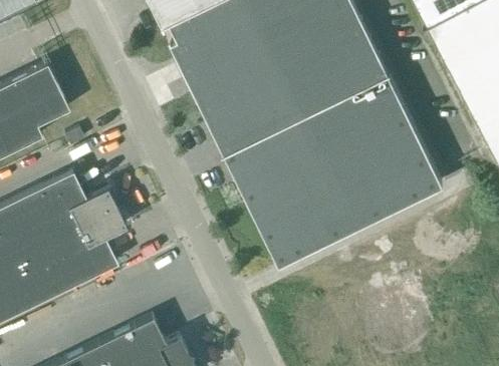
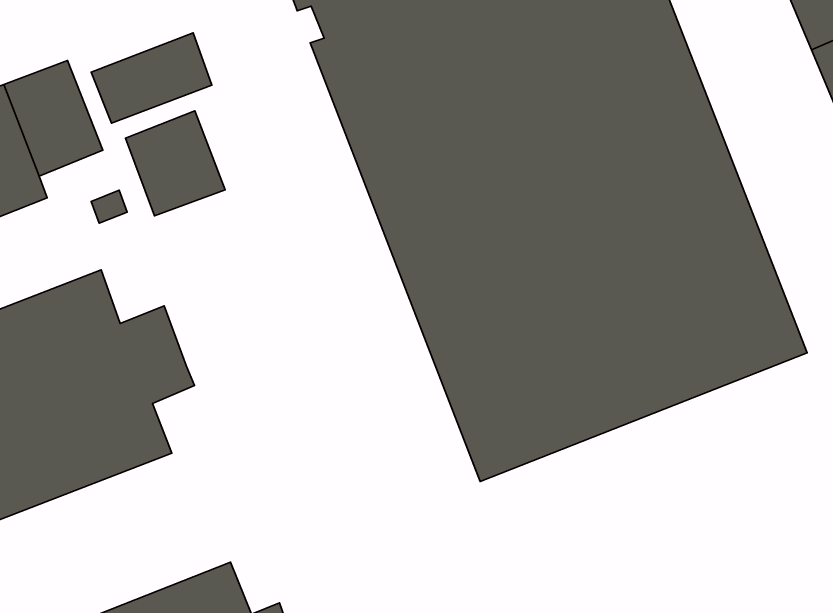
building: none -> [91,33,212,123]
building: none -> [125,111,225,216]

